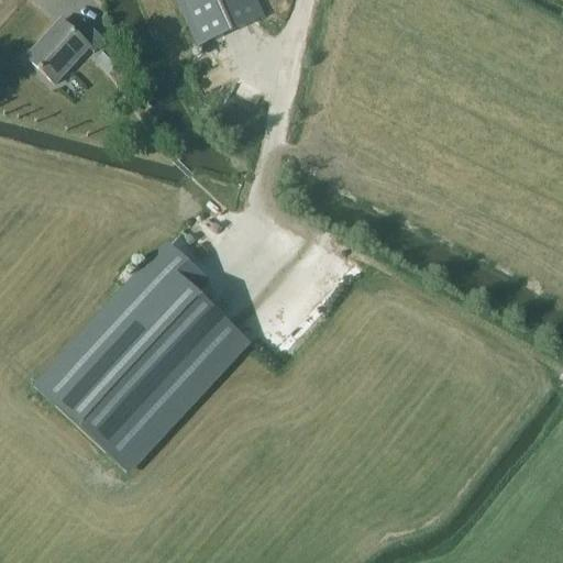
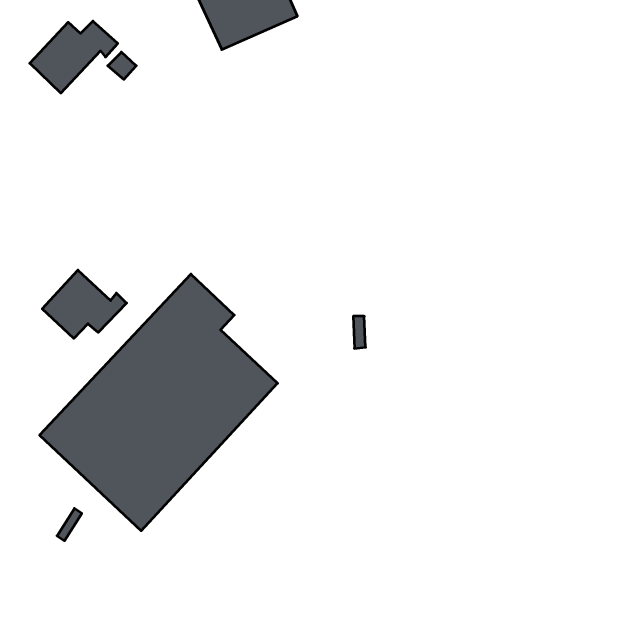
building: none -> [42,270,127,338]

